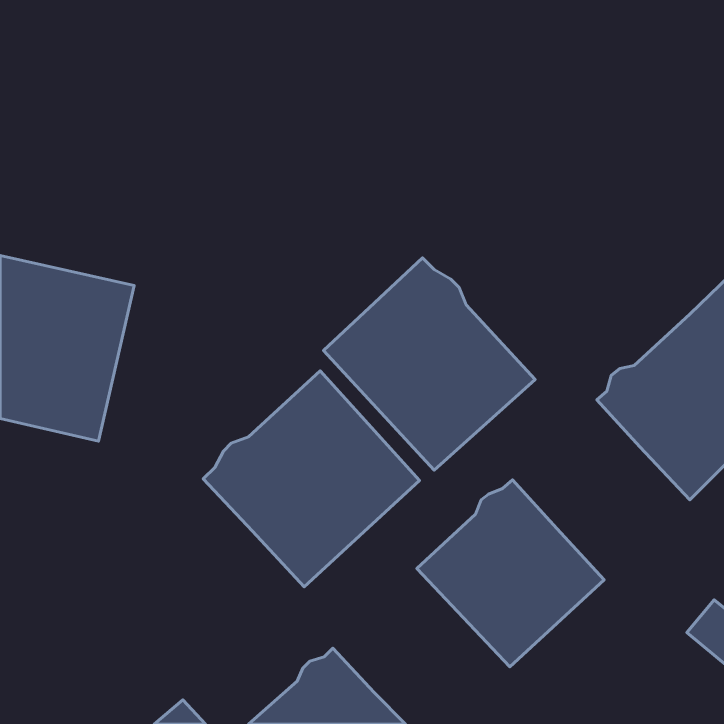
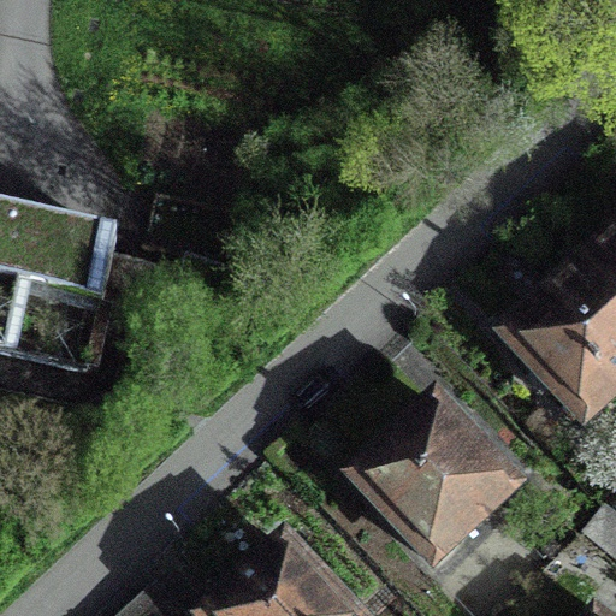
building: [324,258,535,470] -> none
building: [203,371,419,587] -> none

